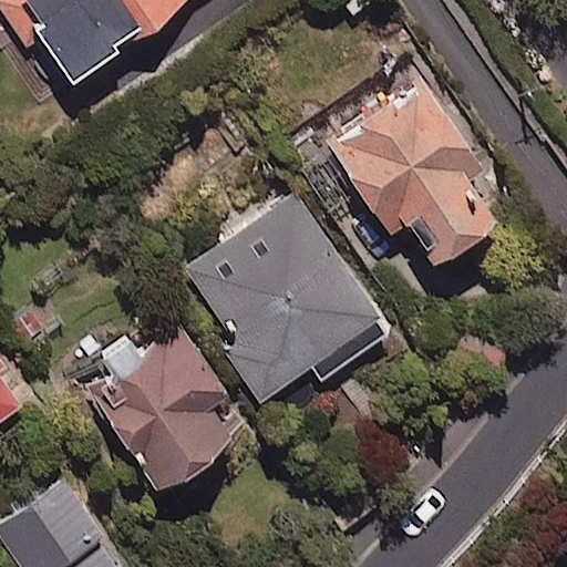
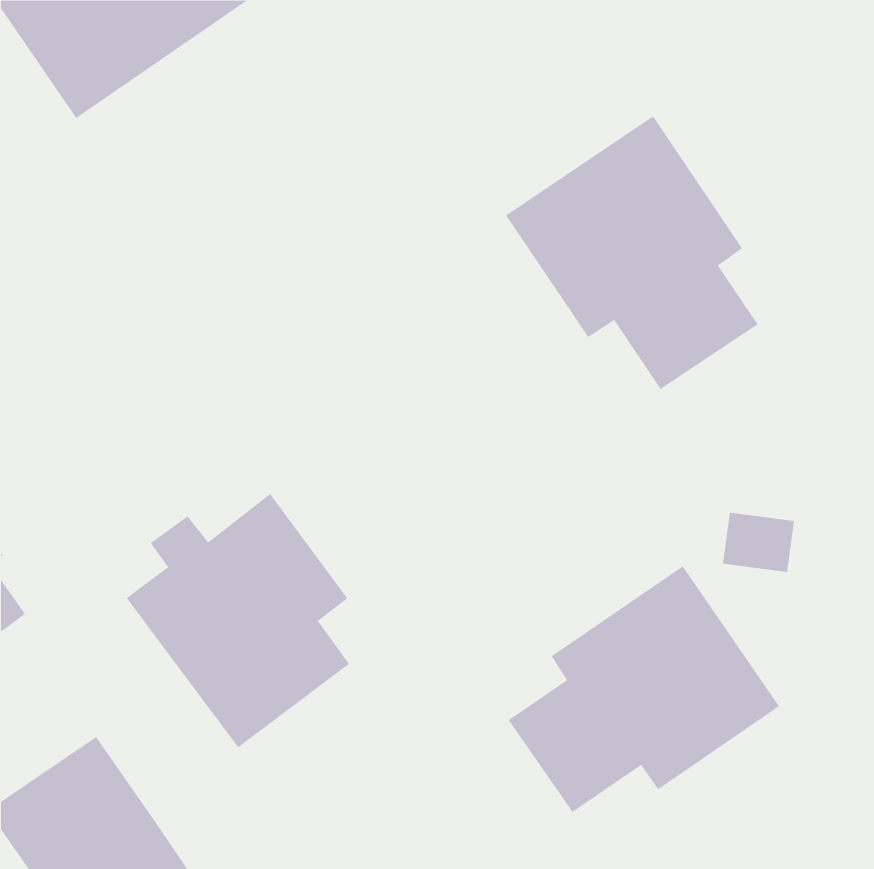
building: [188,196,389,402] -> none
building: none -> [508,565,780,813]

